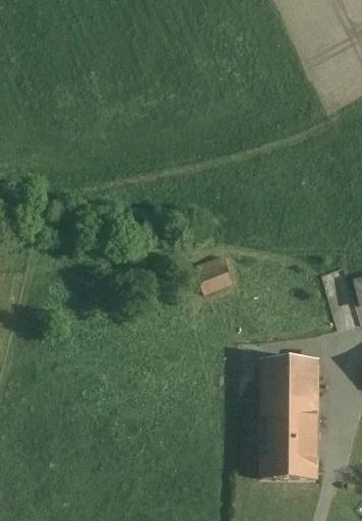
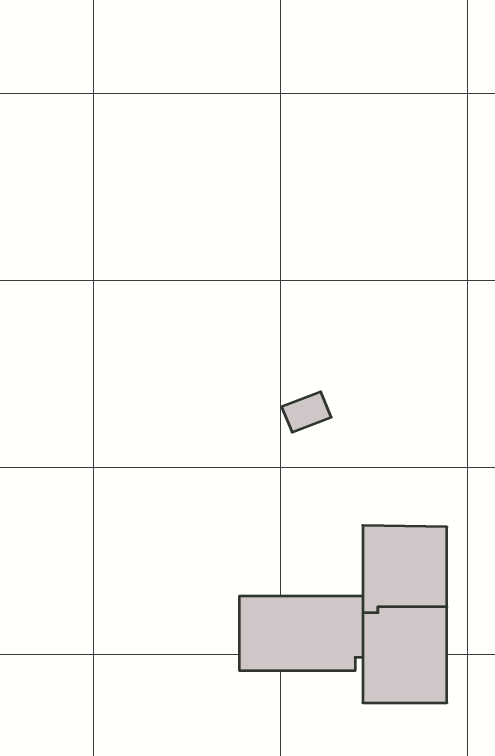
building: none -> [240,596,363,671]

